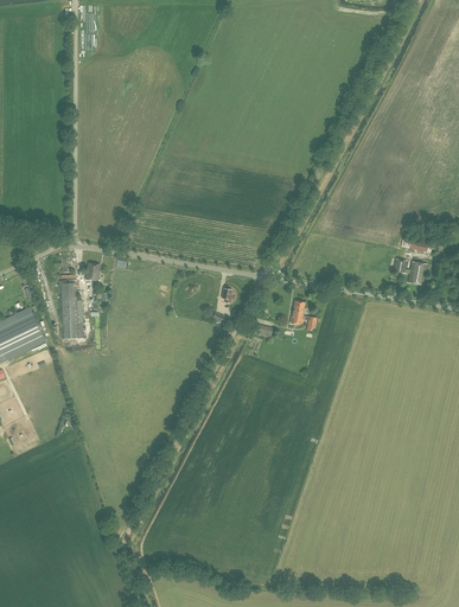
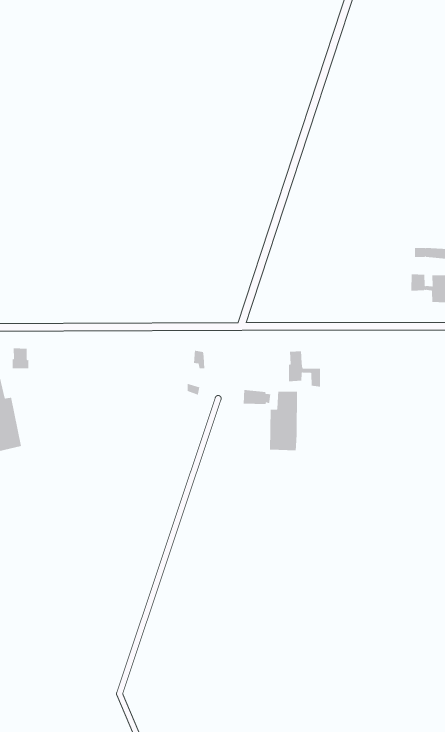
building: none -> [270,391,298,451]

